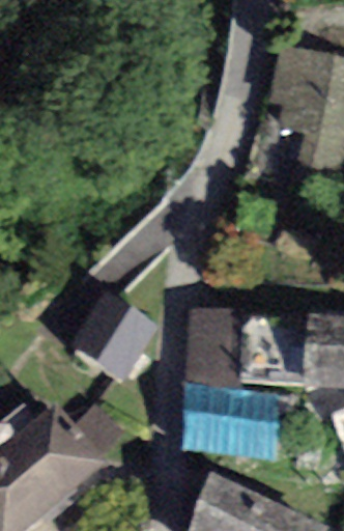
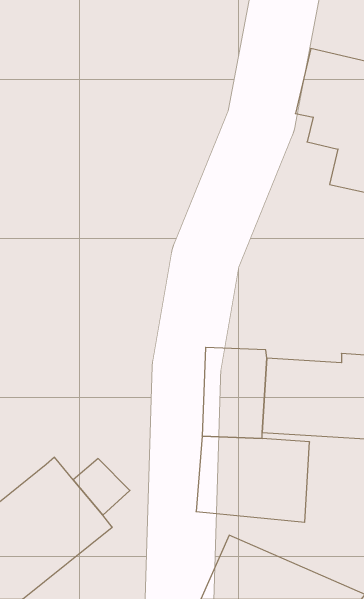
building: [68,288,157,382] -> none

